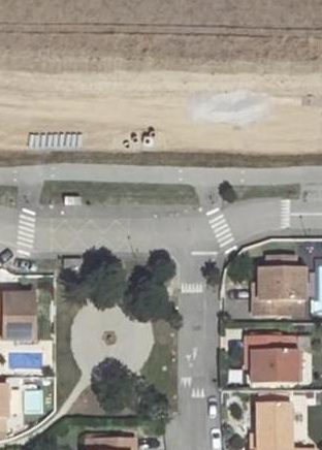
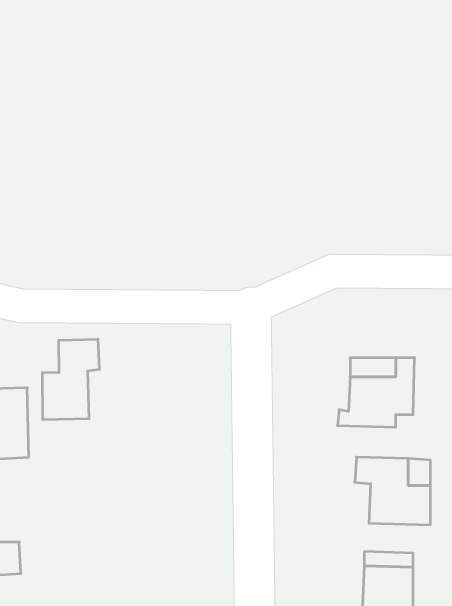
building: none -> [42,339,99,420]

